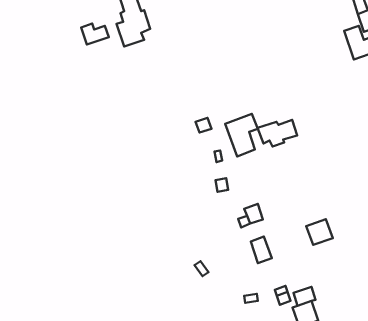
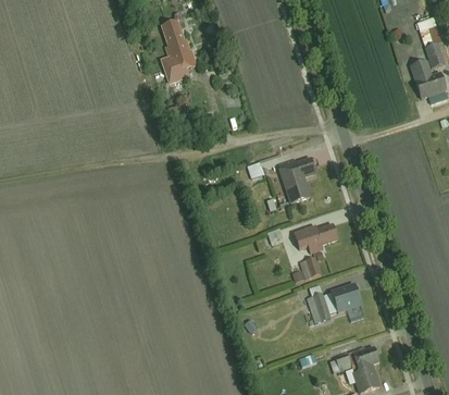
building: [81,23,109,45] -> none
building: [258,120,297,146] -> [295,223,338,252]
building: [306,219,333,245] -> [333,284,362,312]

